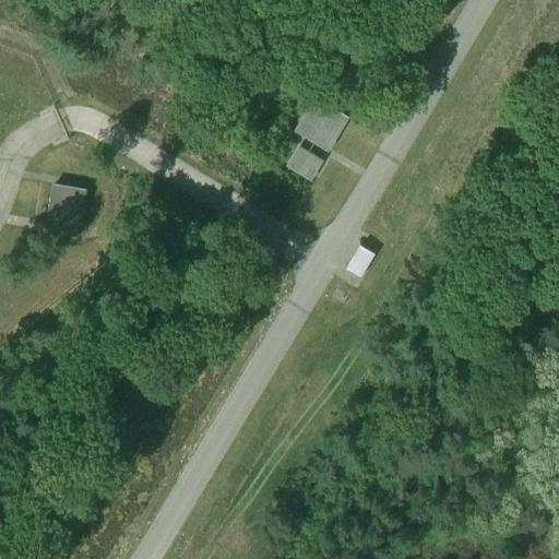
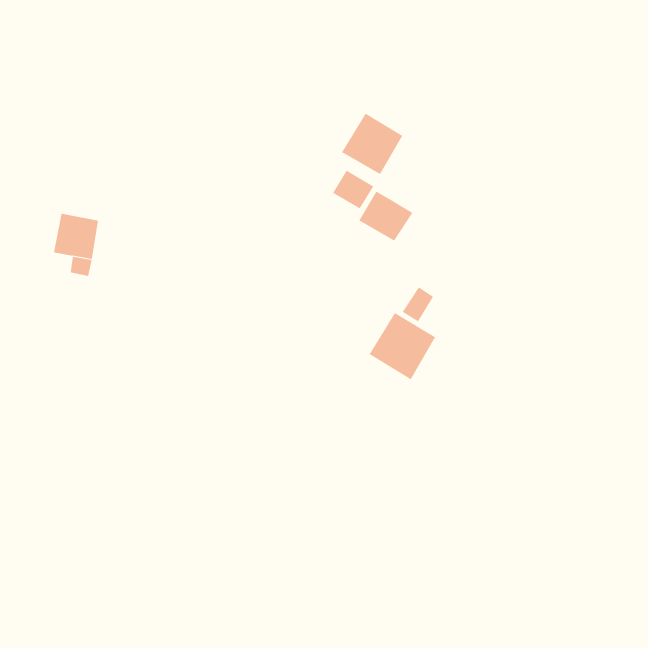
building: none -> [359,191,413,242]
building: none -> [369,312,436,380]

